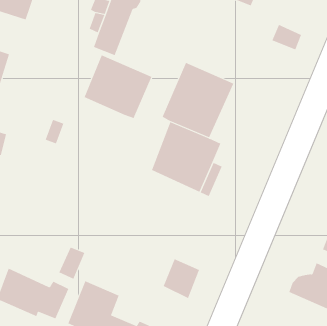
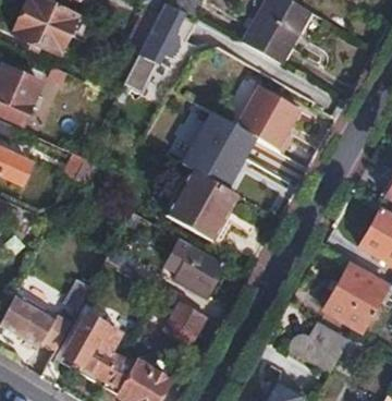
building: none -> [237,85,302,151]
building: [84,54,152,119] -> none
building: none -> [164,239,223,297]

